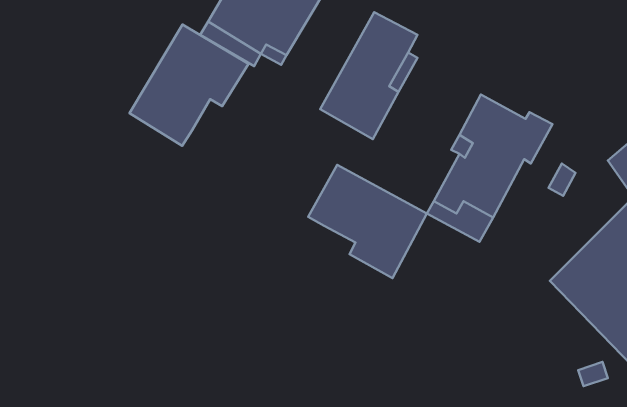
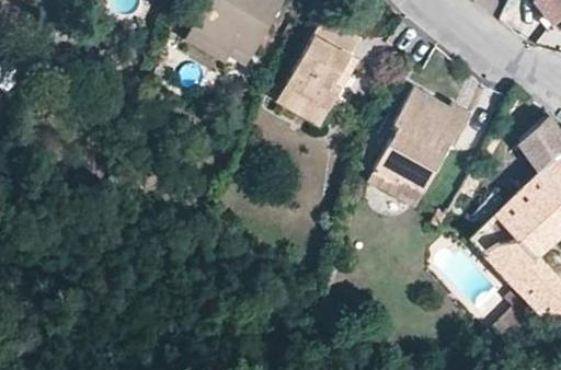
building: [130,25,248,146] -> none
building: [308,165,427,278] -> none

